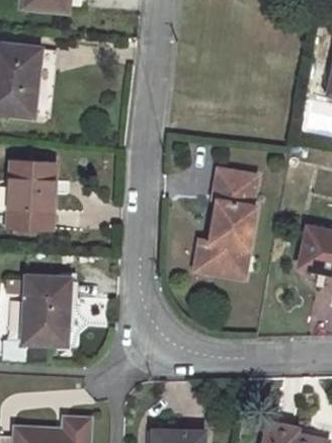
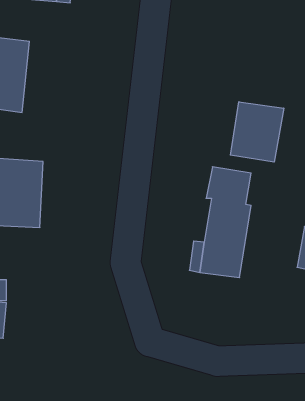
building: none -> [230,102,284,162]
building: [22,275,70,343] -> none

